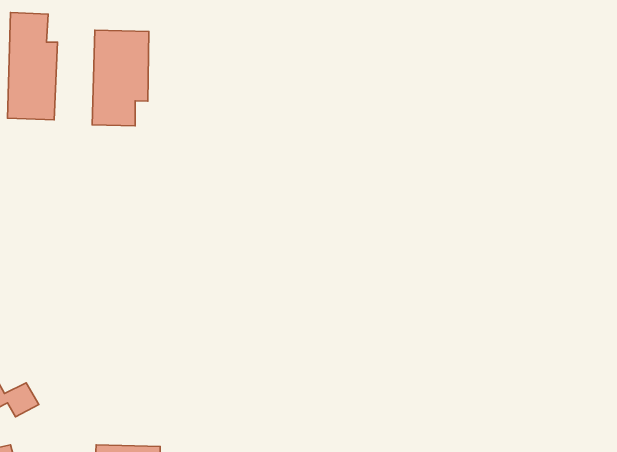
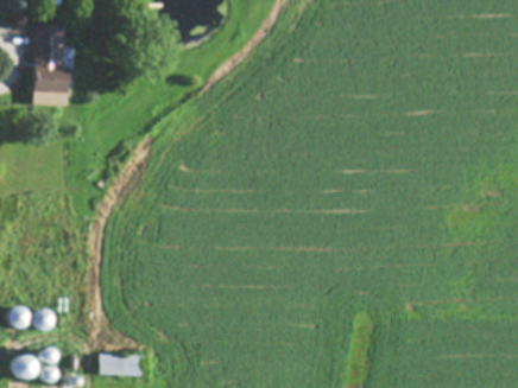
building: [92,30,149,126] -> none

